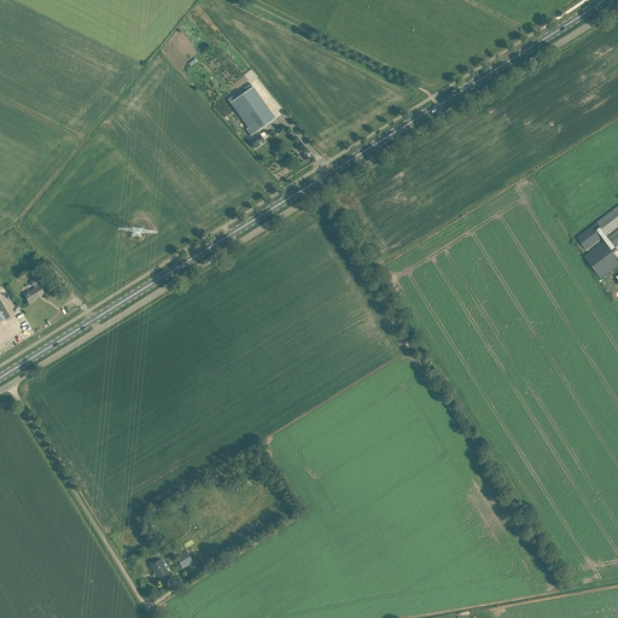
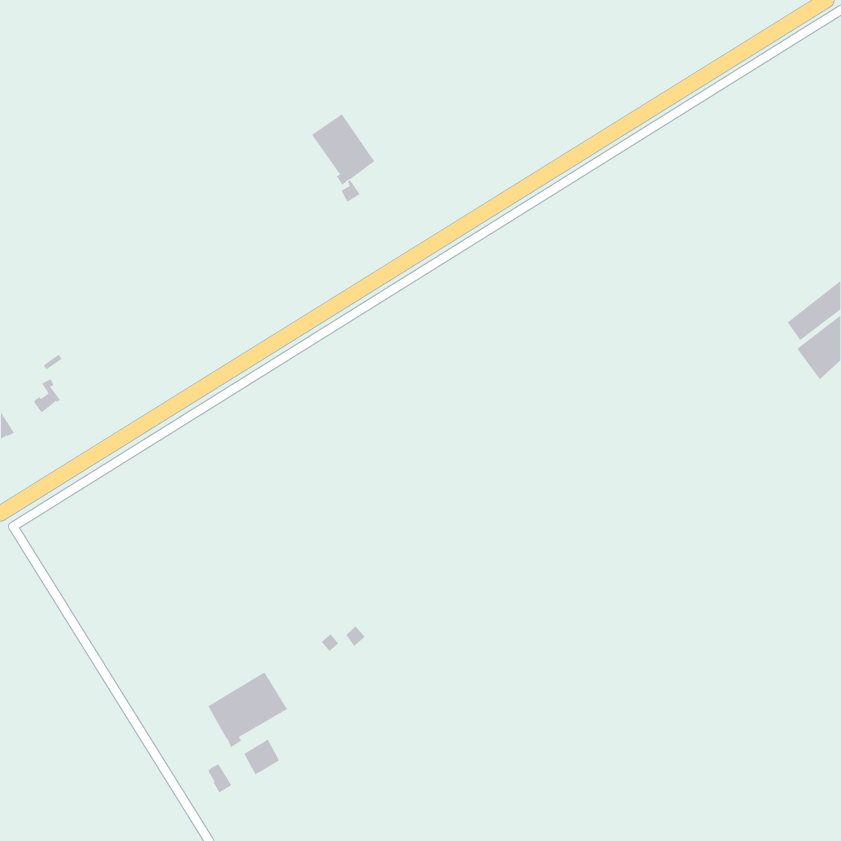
building: none -> [207,671,288,748]

